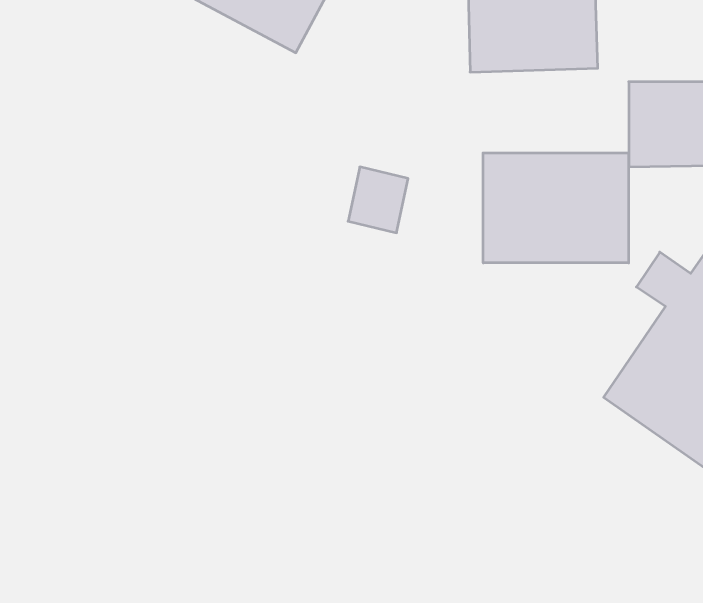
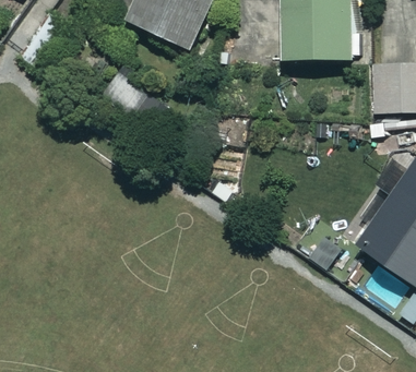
building: [483,153,629,263] -> none

